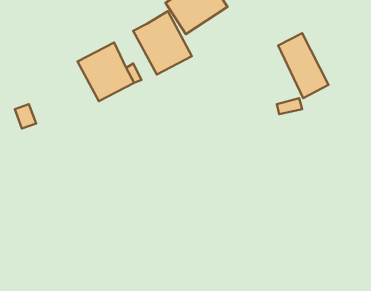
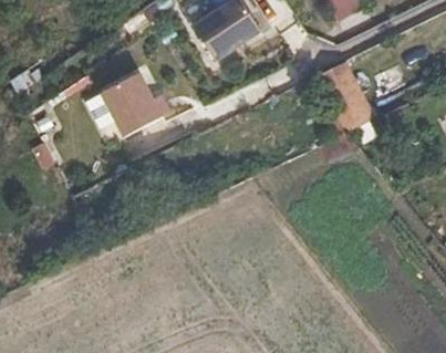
building: [133,11,192,74] -> none

